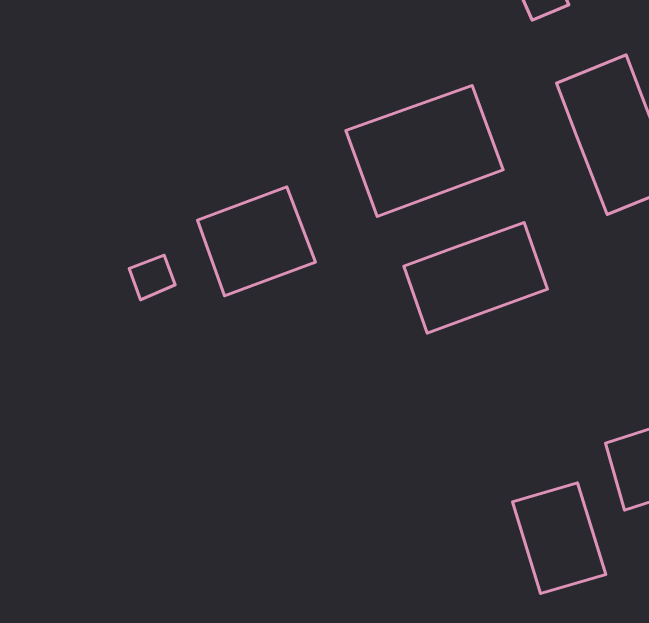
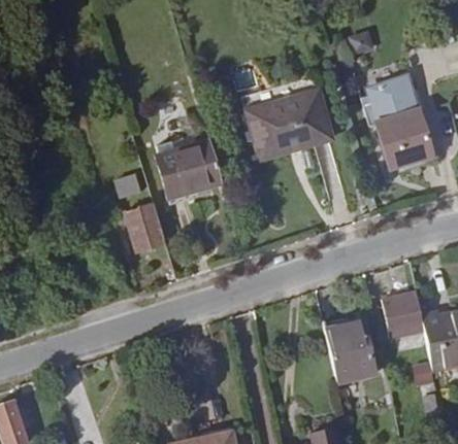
building: [404,222,547,333] -> none
building: none -> [124,203,166,251]

